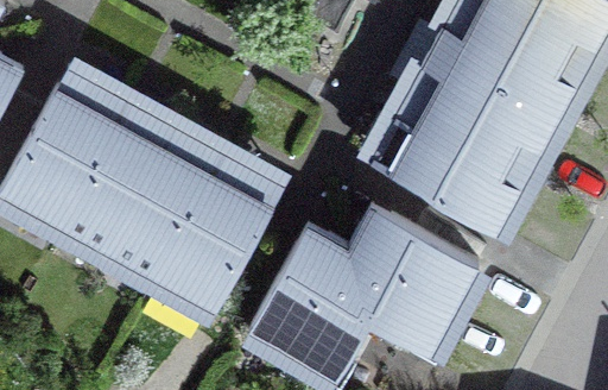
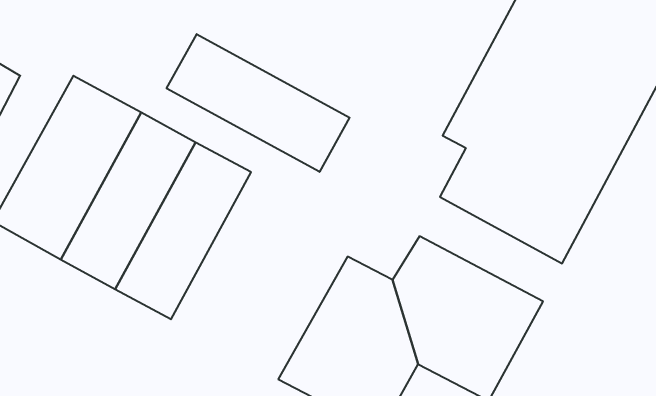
building: none -> [167,34,350,172]
building: [154,156,272,316] -> none

